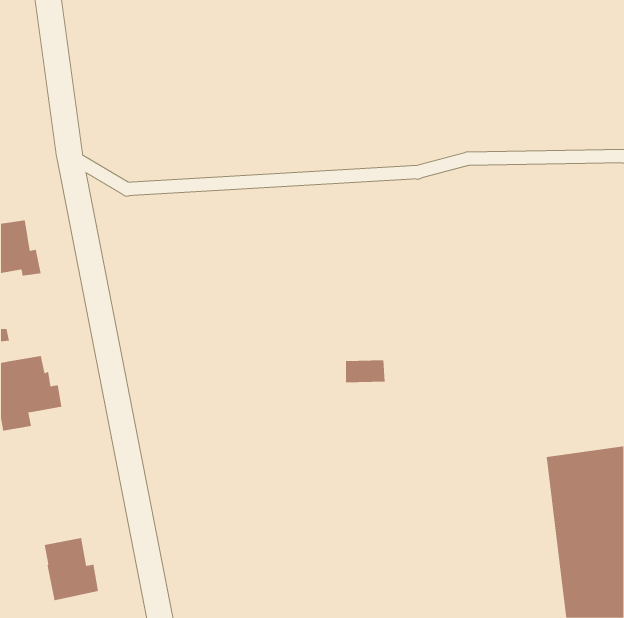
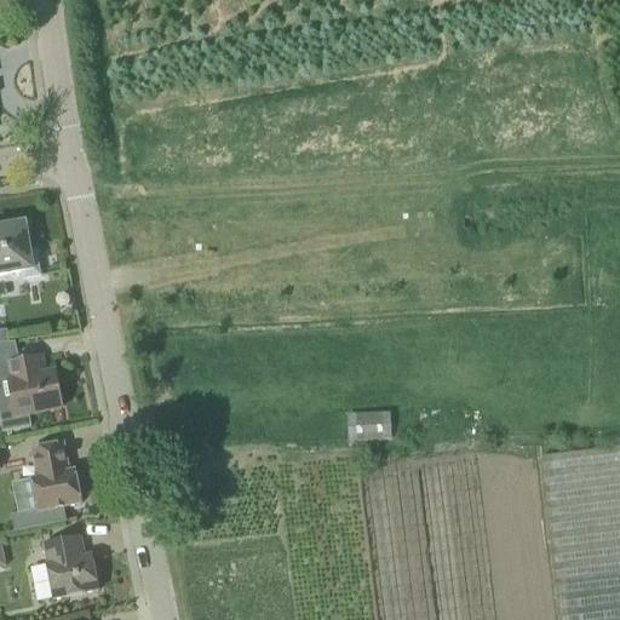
building: [345,360,385,383] -> [350,413,390,436]
building: none -> [11,440,81,528]

